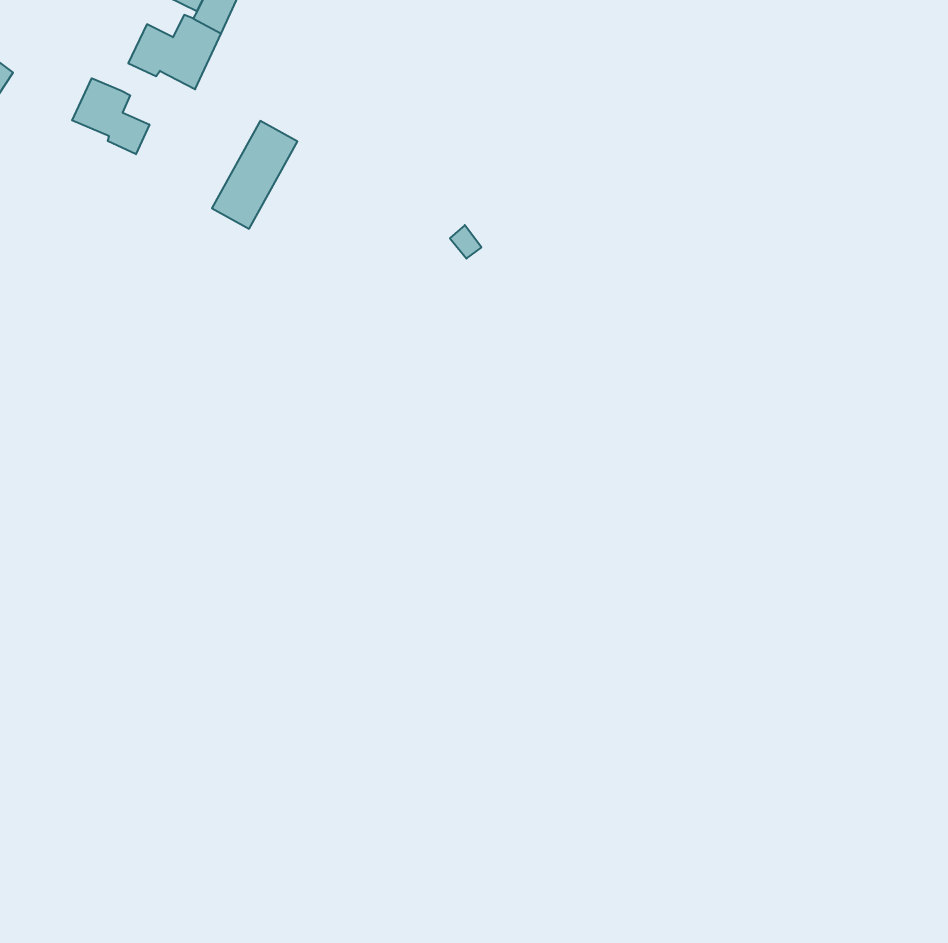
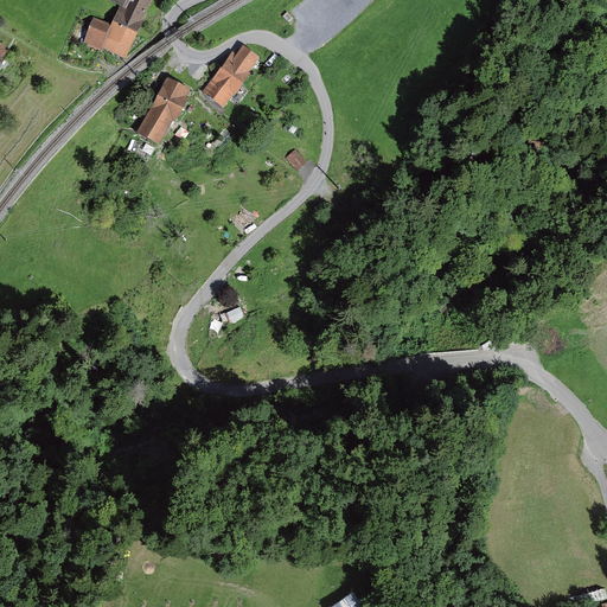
building: none -> [207,47,255,102]
building: [72,78,149,154] -> none

